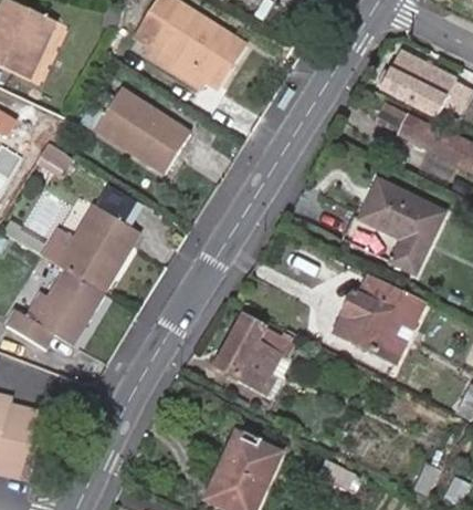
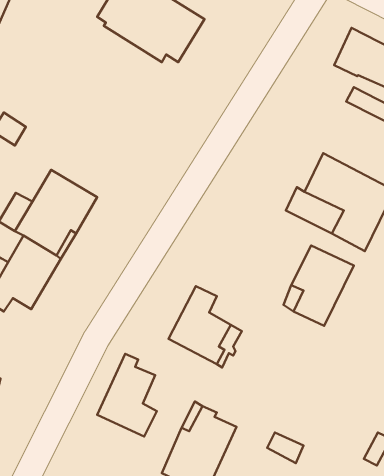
building: [96,90,191,176] -> none
building: [371,293,420,364] -> none
building: none -> [97,354,157,437]

